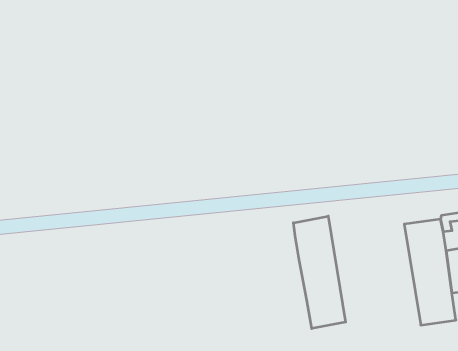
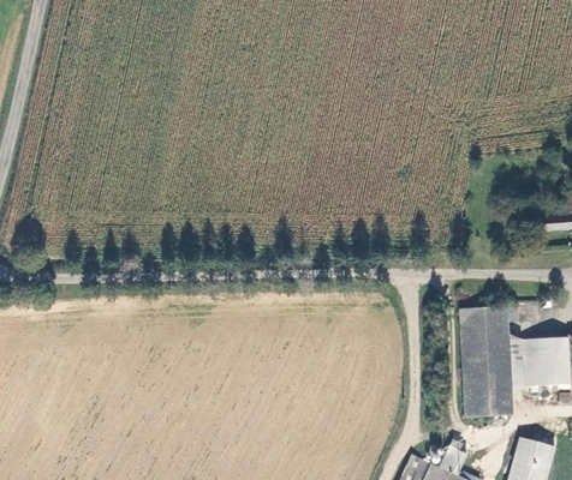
building: [293,216,346,329] -> none

